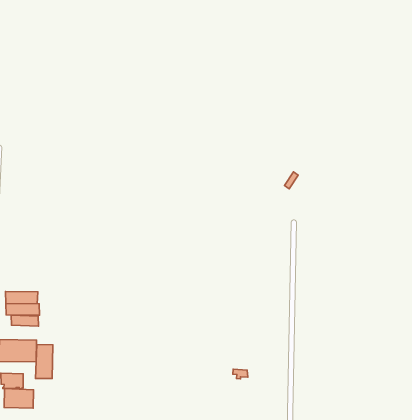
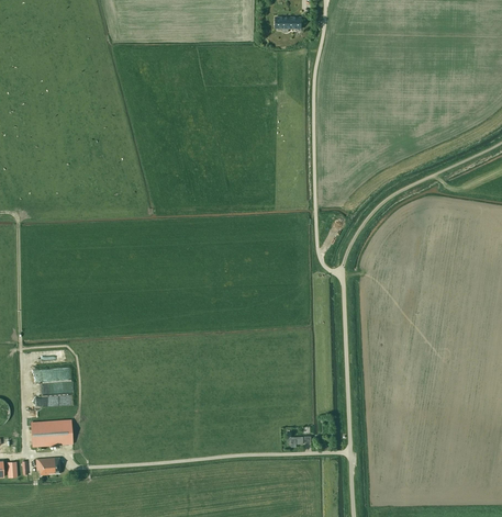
building: [35,345,53,378] -> none
building: [4,388,33,408] -> none

